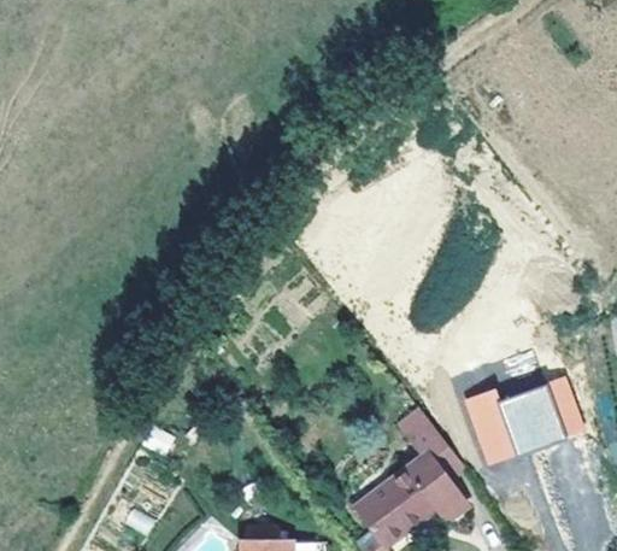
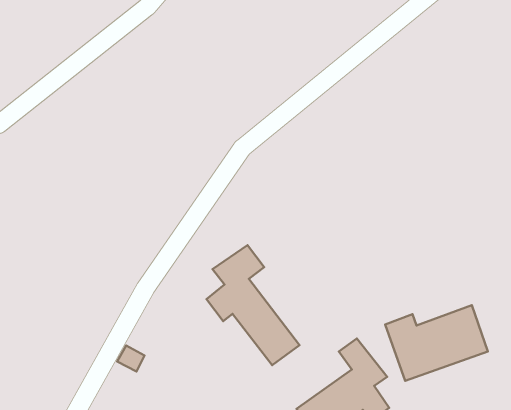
building: none -> [207,245,299,365]

